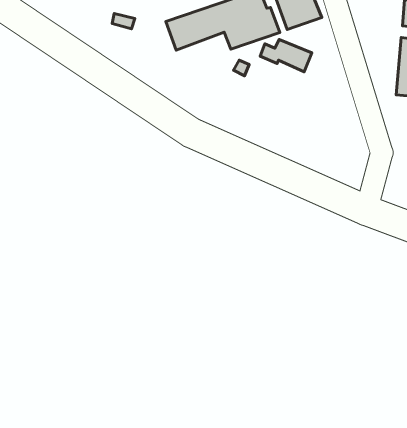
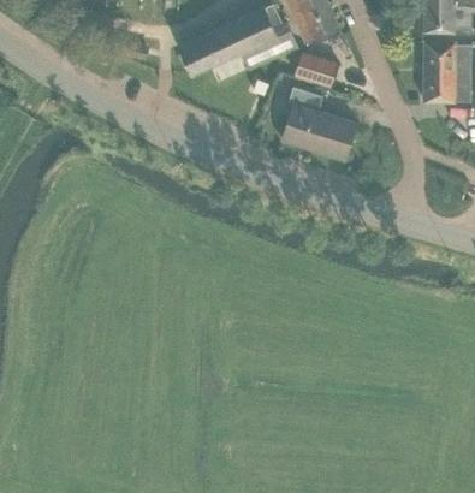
building: none -> [284,85,357,158]

